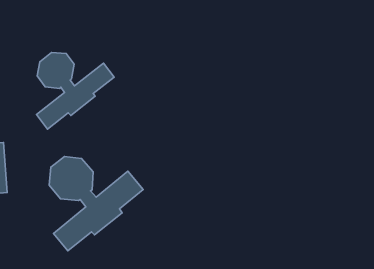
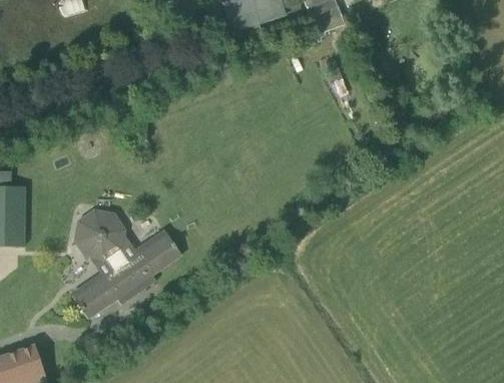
building: [36,52,114,129] -> none

